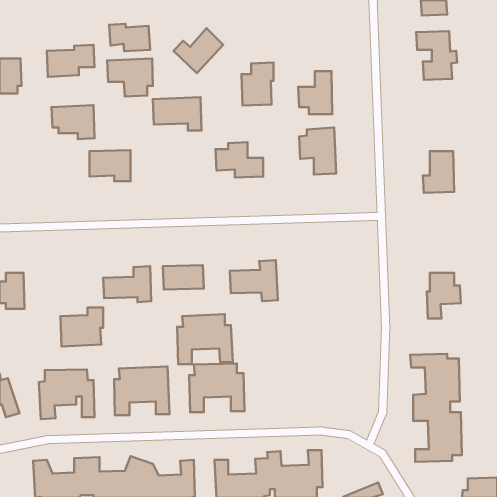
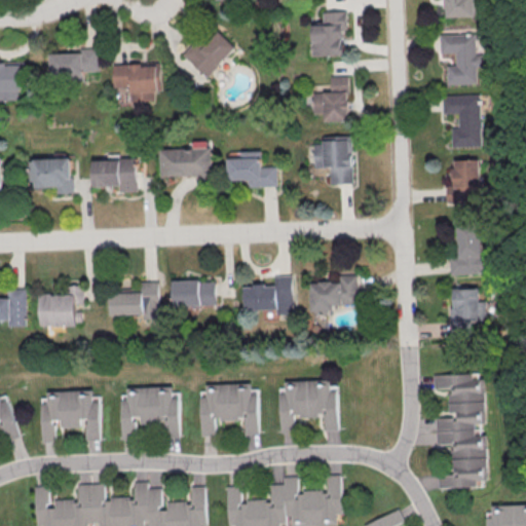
building: [109,24,150,51] -> none
building: [241,62,274,105] -> [313,11,347,57]
building: none -> [441,96,481,147]
building: [153,97,201,130] -> [159,148,211,183]
building: [52,105,95,139] -> [29,158,74,194]
building: none -> [449,224,483,275]
building: none -> [310,275,359,312]
building: [60,307,103,346] -> [38,286,83,327]
building: [177,314,233,364] -> [278,380,337,433]

